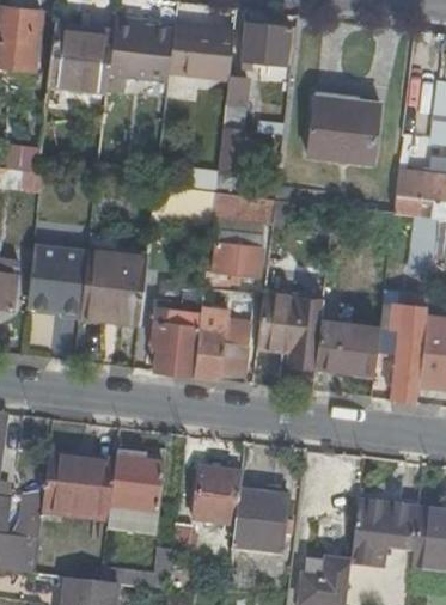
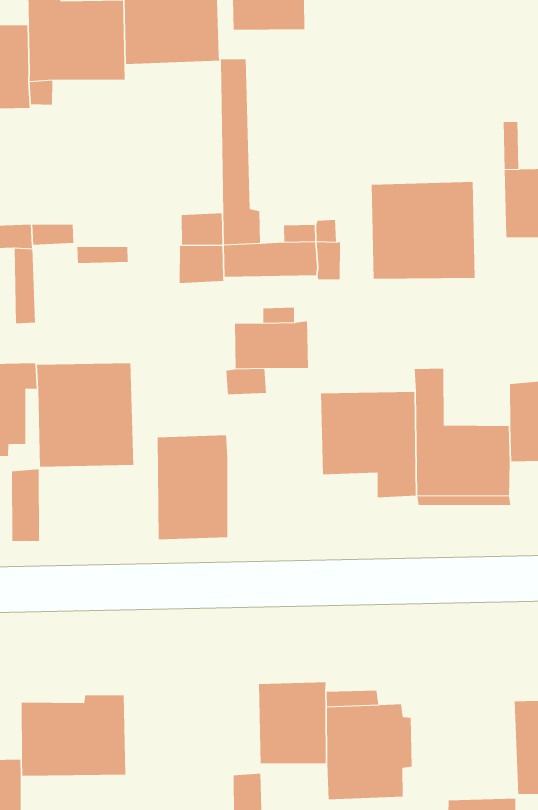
building: [307,93,379,161] -> [371,181,476,279]
building: [193,320,251,381] -> none
building: [106,451,164,533] -> none

